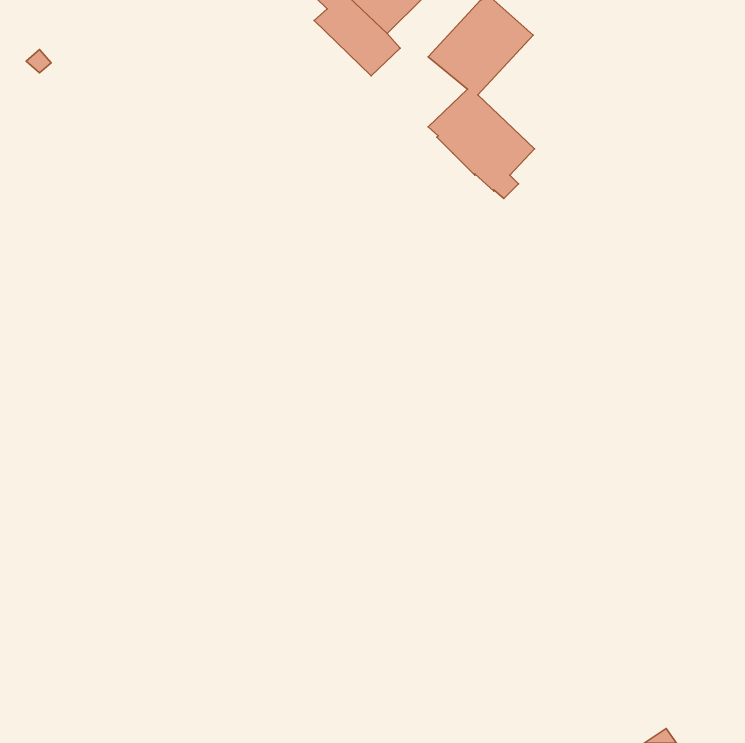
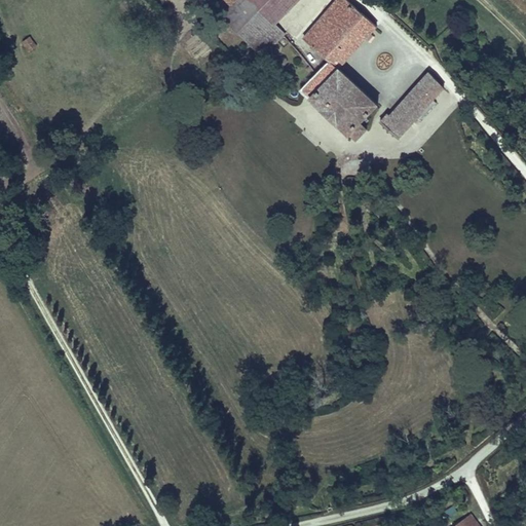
building: none -> [378,71,443,138]

